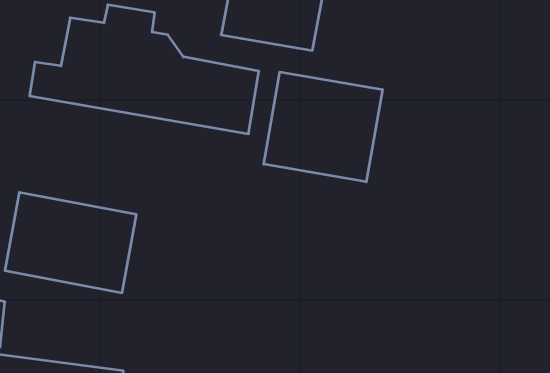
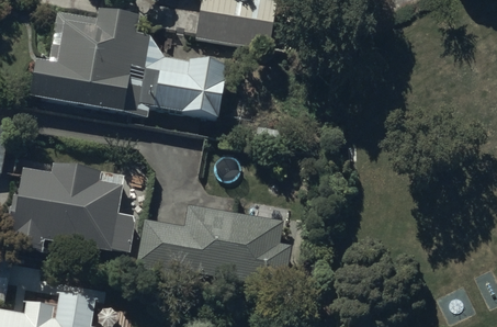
building: [264,72,382,182] -> none
building: none -> [139,205,285,283]

